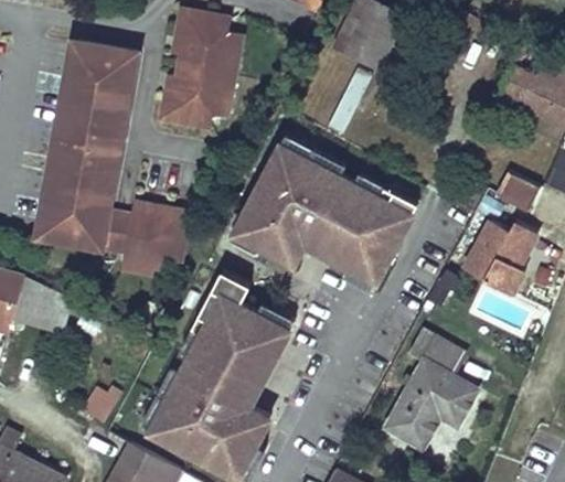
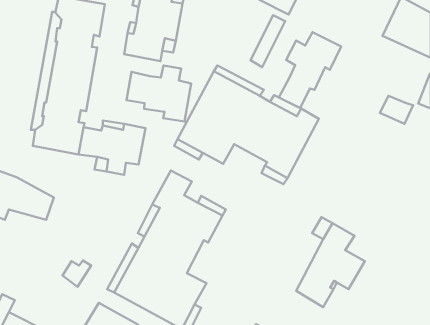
building: none -> [279,32,341,108]
building: none -> [127,65,191,121]
building: [462,219,535,294] -> none

